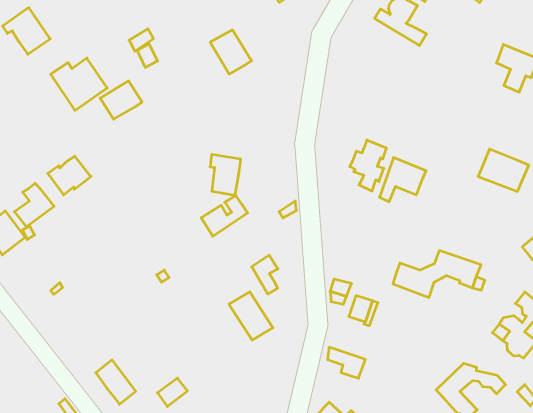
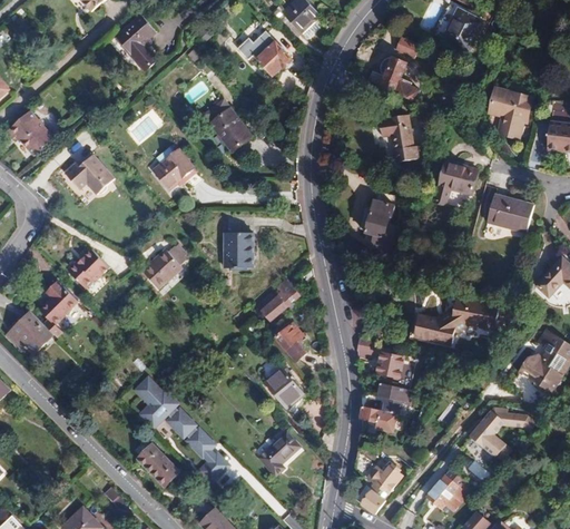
building: none -> [379,115,420,161]
building: [100,81,142,119] -> [153,149,194,188]
building: [379,158,426,202] -> [435,160,478,204]
building: none -> [142,246,186,287]
building: [201,196,248,236] -> [255,278,299,321]
building: none -> [135,378,215,453]
building: none -> [361,383,413,414]
building: none -> [258,431,299,476]

